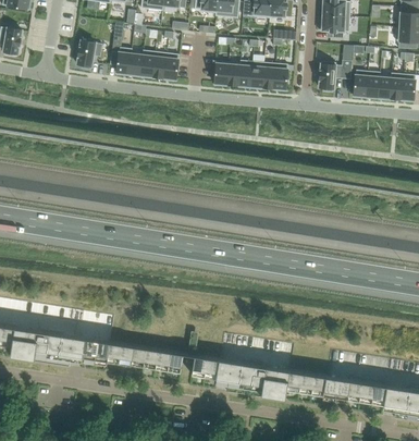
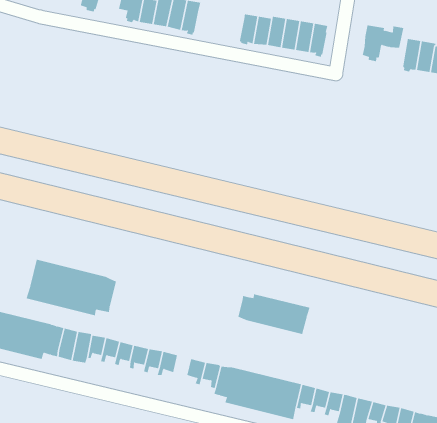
building: none -> [26,259,117,316]
building: none -> [238,293,310,335]

